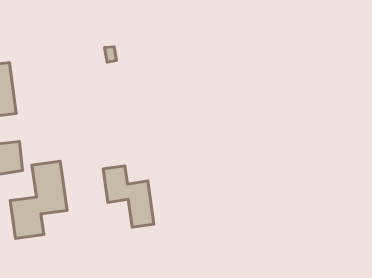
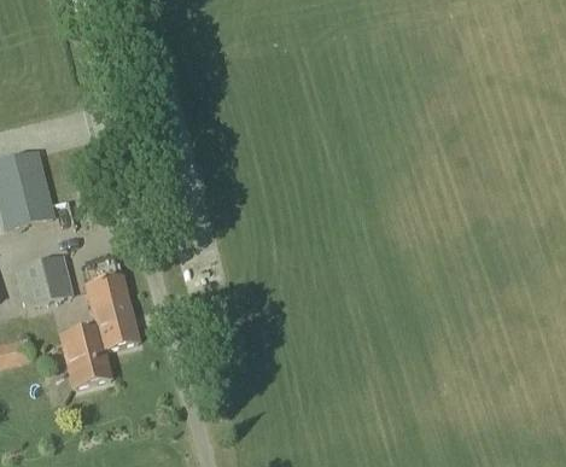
building: [103,166,154,227] -> none

